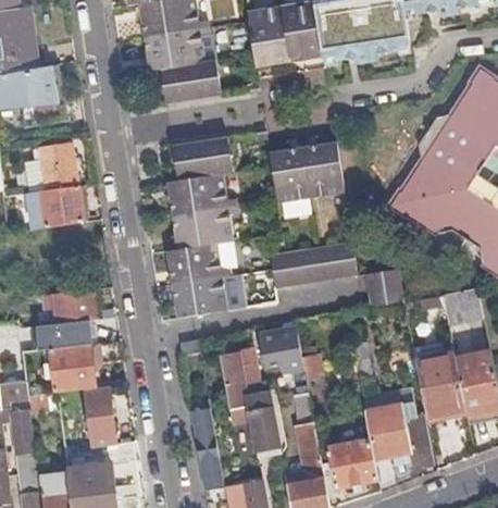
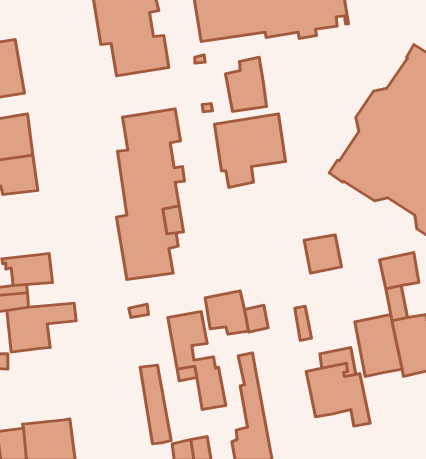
building: none -> [226,57,267,111]
building: [269,241,357,287] -> none
building: [84,385,116,447] -> none
building: [327,439,378,490] -> none

